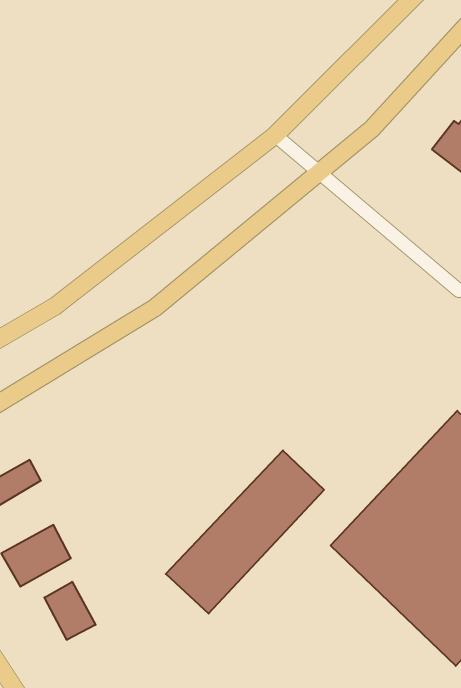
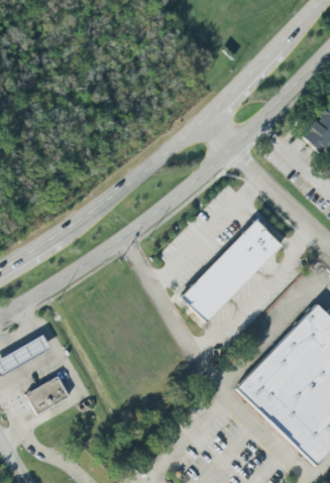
building: [166,450,324,614] -> [182,217,283,321]
building: [44,582,96,640] -> none

